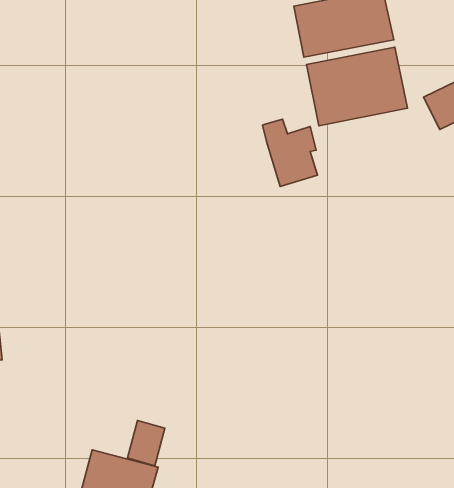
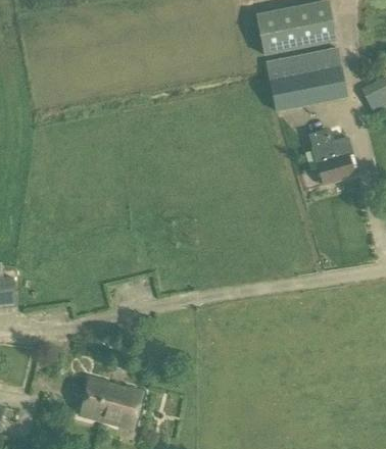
building: [263,119,317,186] -> [308,129,353,184]
building: [128,420,165,466] -> none

